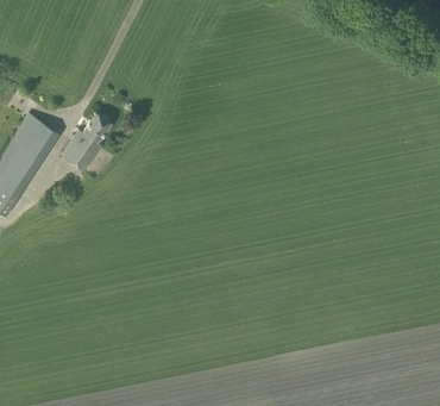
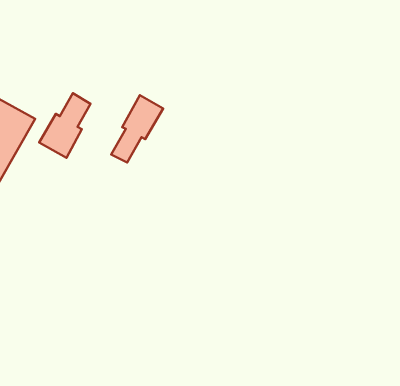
building: none -> [111,95,163,163]

